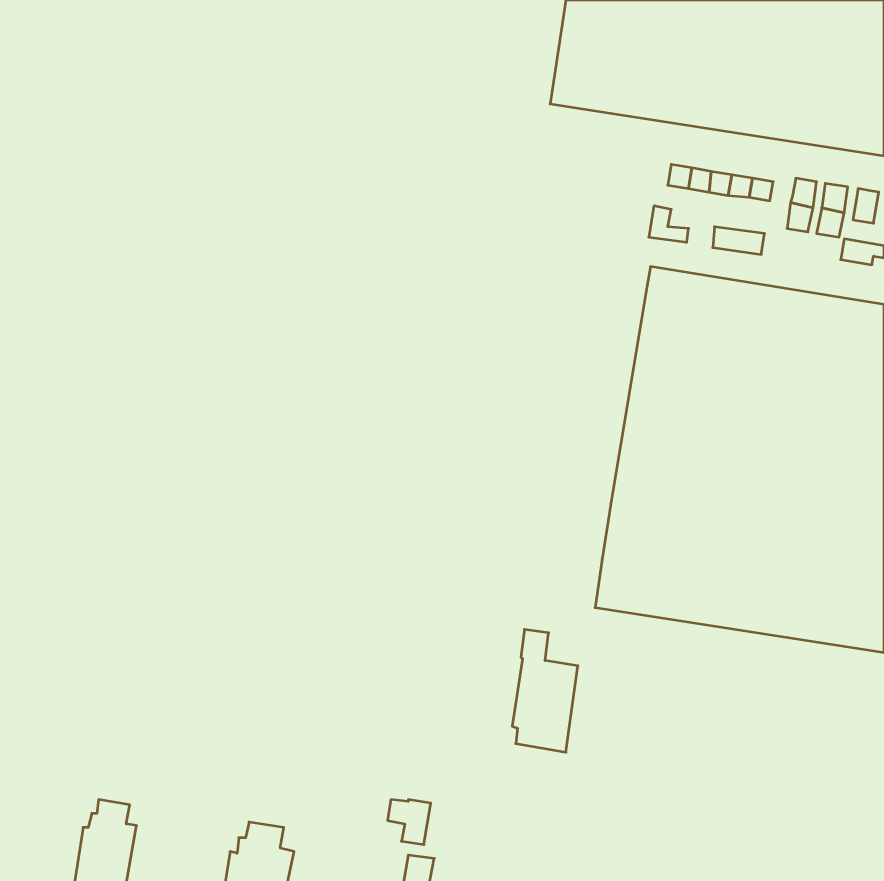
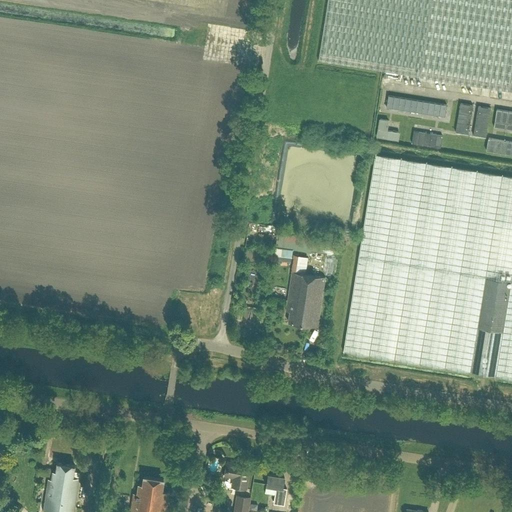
building: [512,629,578,752] -> [286,257,324,328]
building: none -> [266,475,286,506]

